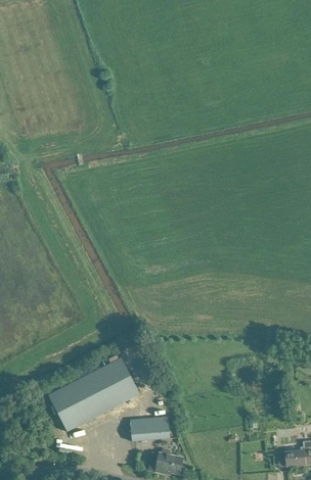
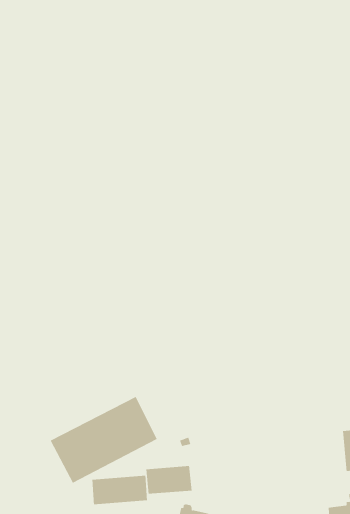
building: none -> [92,475,147,505]

